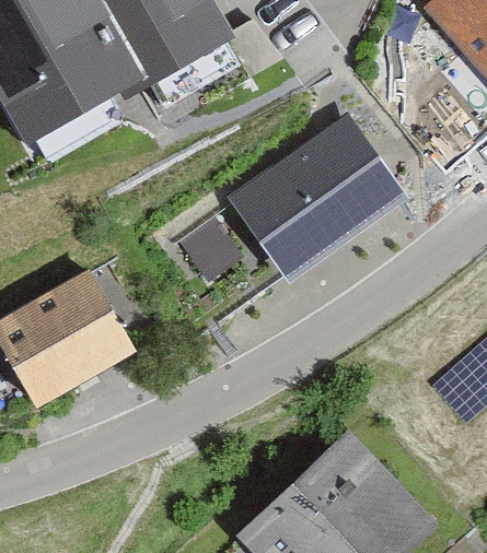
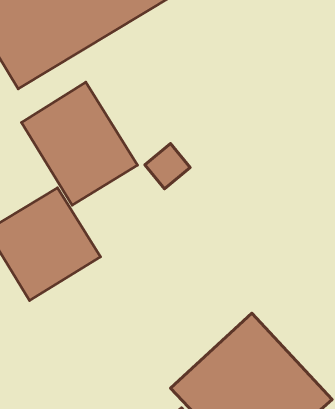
building: [232,117,404,276] -> none
building: none -> [21,82,137,205]

